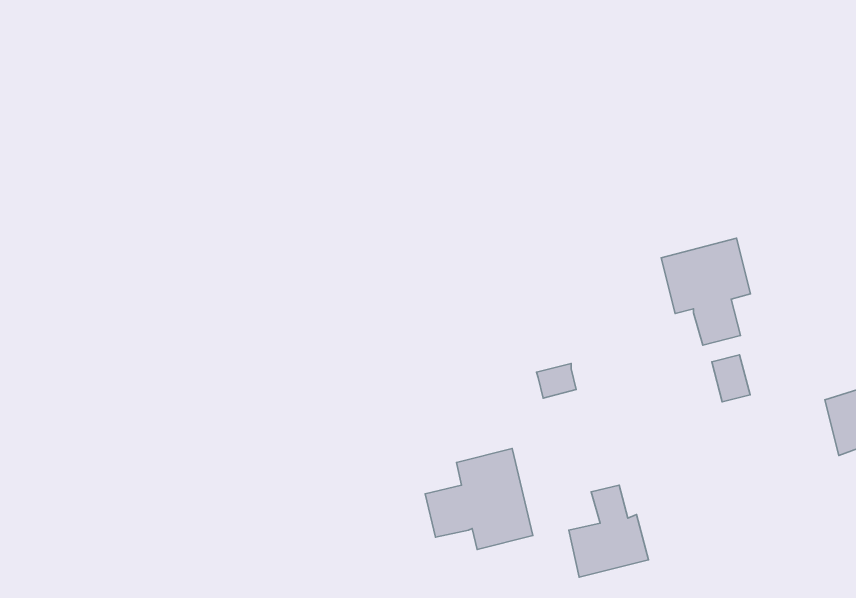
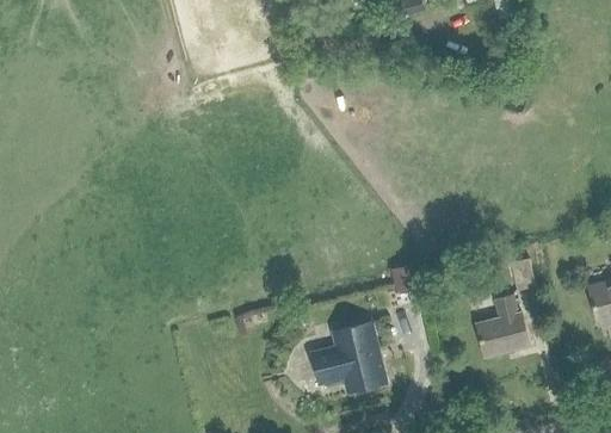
building: [661,238,751,345] -> none
building: [569,485,649,577] -> [476,295,531,358]

